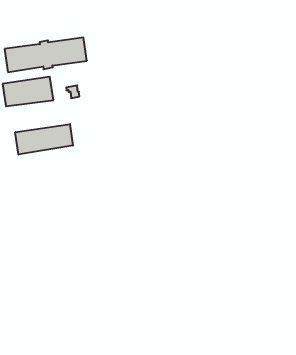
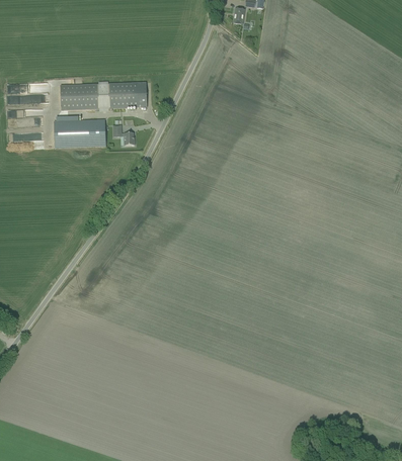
building: [15,124,73,155] -> none

